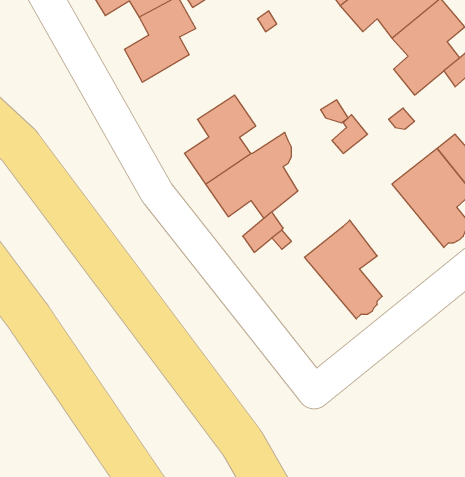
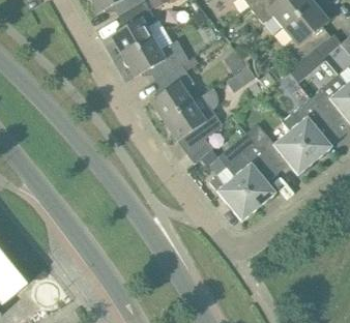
building: none -> [122,37,187,79]
building: none -> [255,120,315,174]
building: none -> [208,167,259,221]

